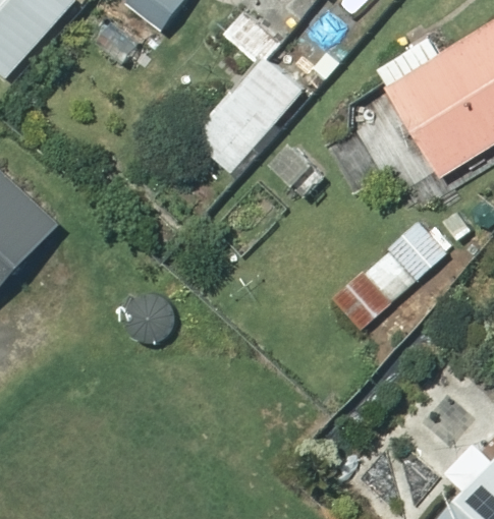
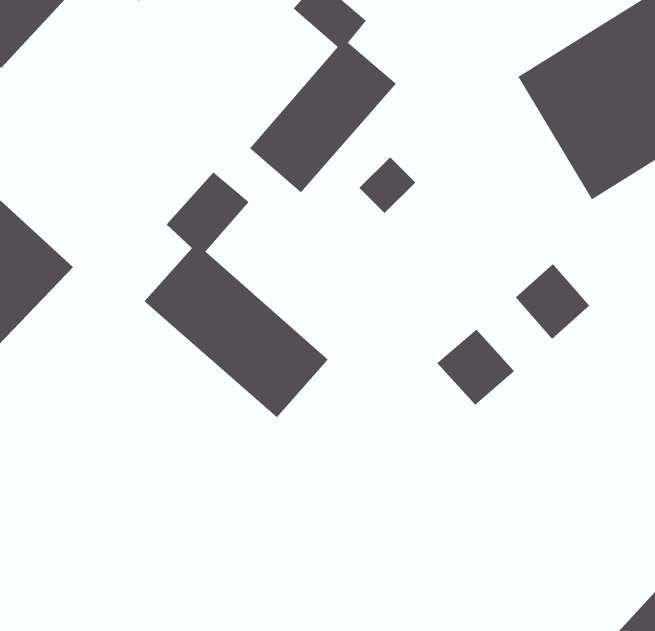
building: none -> [143,171,328,418]

